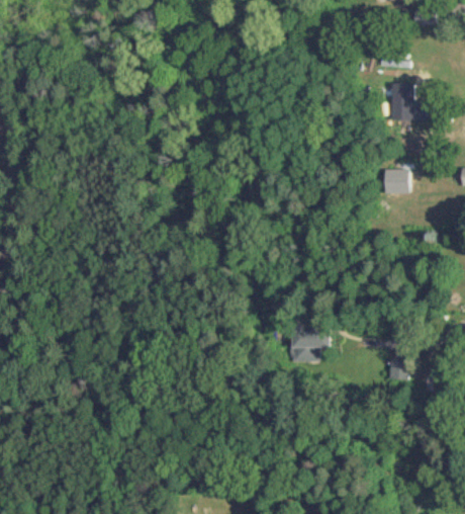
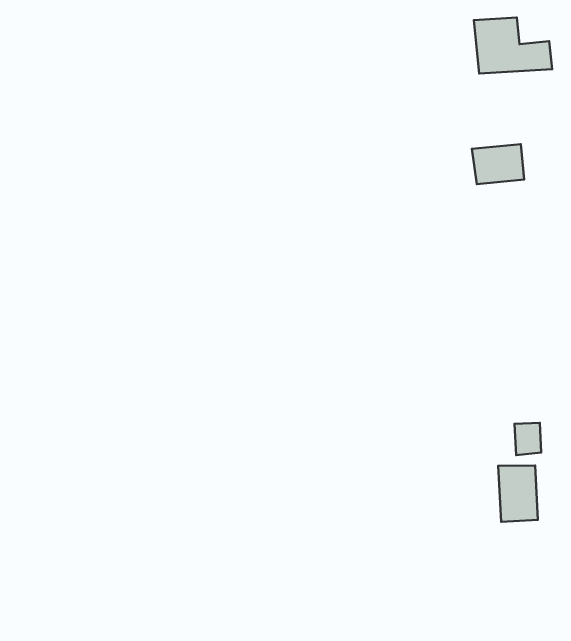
building: [291,328,333,361] -> none
building: none -> [498,466,538,522]

